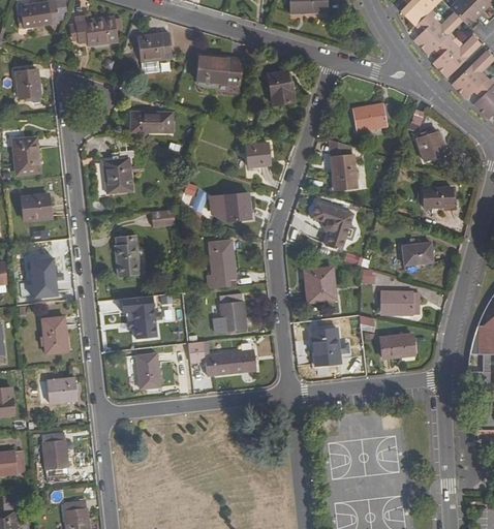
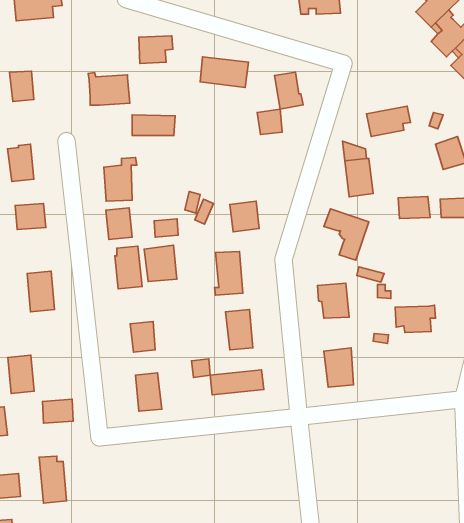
building: [76,12,116,43] -> [88,72,130,105]
building: [244,141,268,164] -> [257,109,282,134]
building: none -> [106,208,132,240]
building: none -> [144,245,177,281]
building: [403,244,433,264] -> [398,197,430,218]
building: [41,315,66,351] -> [8,355,34,394]
building: [382,337,414,360] -> none

